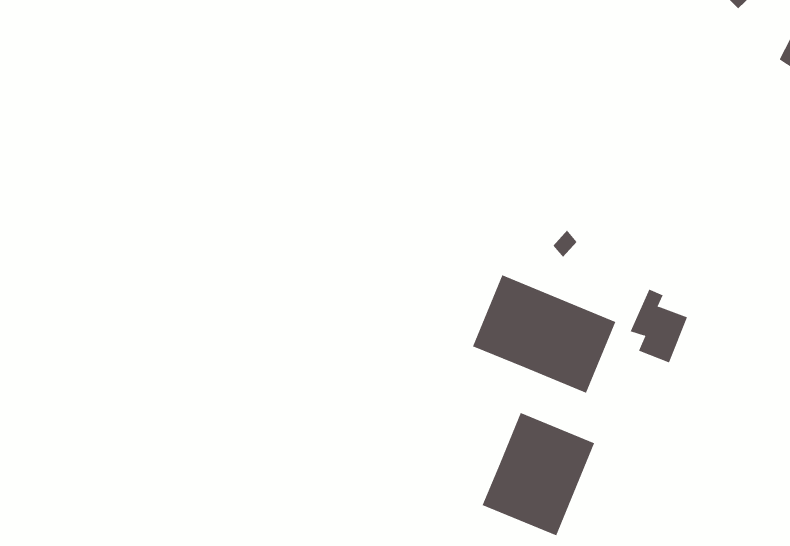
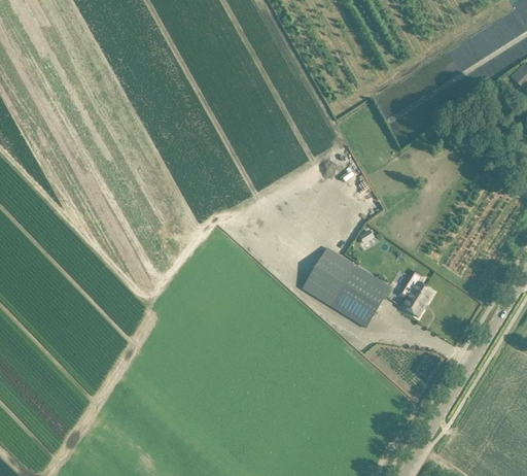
building: [482,412,595,536] -> none

